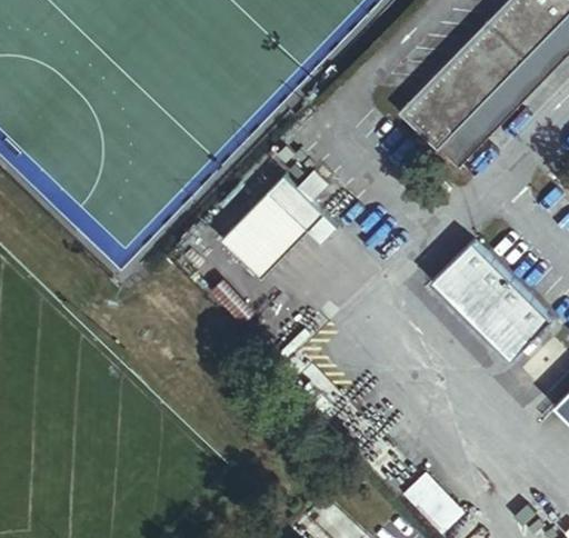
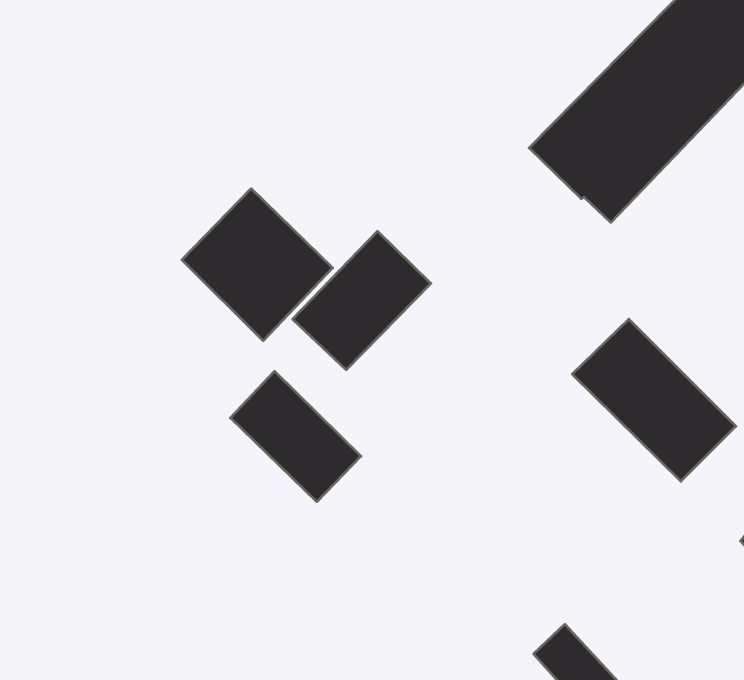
building: none -> [182,189,333,341]
building: none -> [230,371,361,502]

